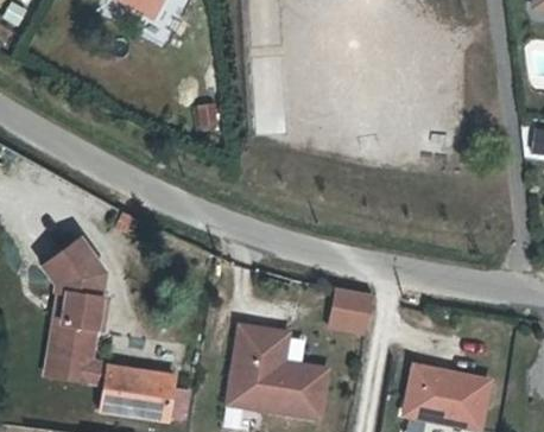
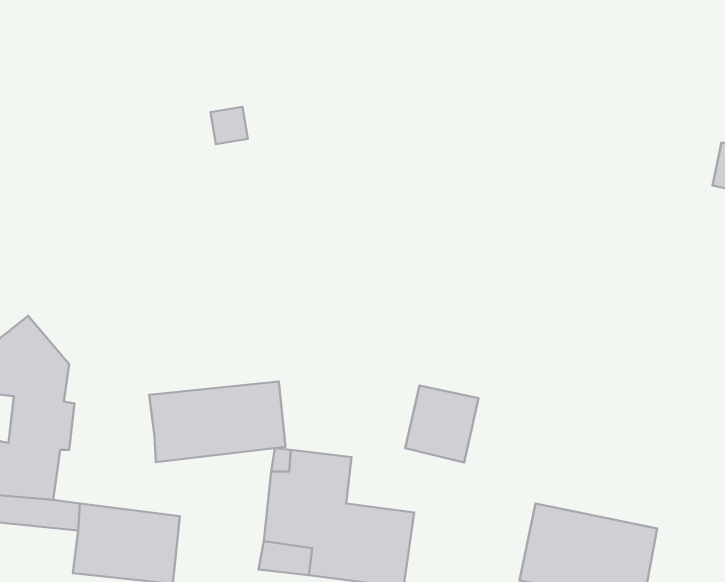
building: none -> [149,381,286,462]

